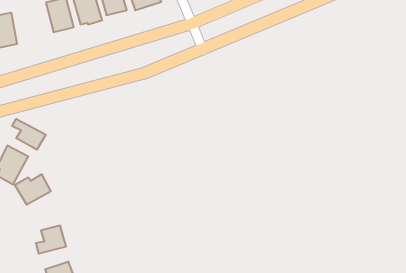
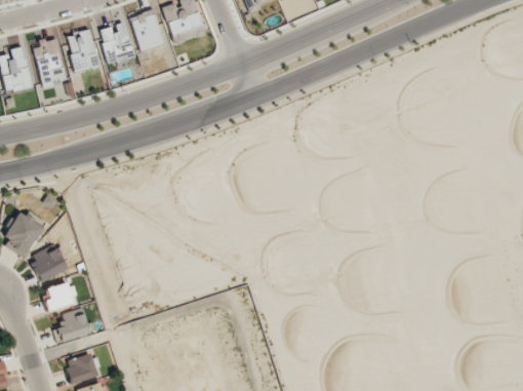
building: none -> [33,38,64,87]
building: [12,119,46,150] -> none
building: none -> [45,283,77,310]

